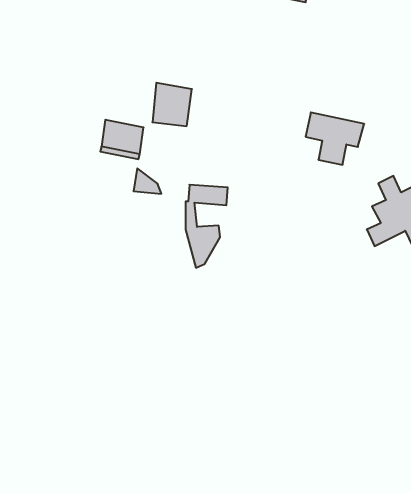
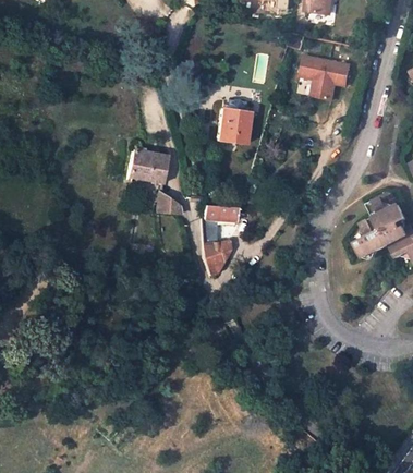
building: [152,83,192,126] -> [217,107,251,144]
building: [306,112,364,165] -> [302,56,352,100]

